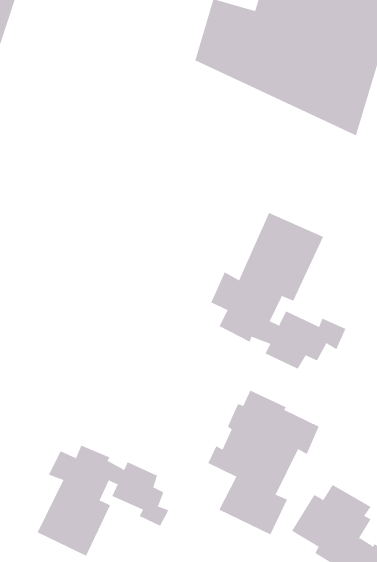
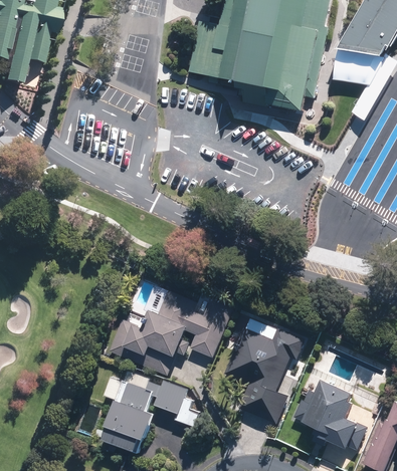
building: [210,212,346,370] -> none
building: none -> [110,291,232,375]

